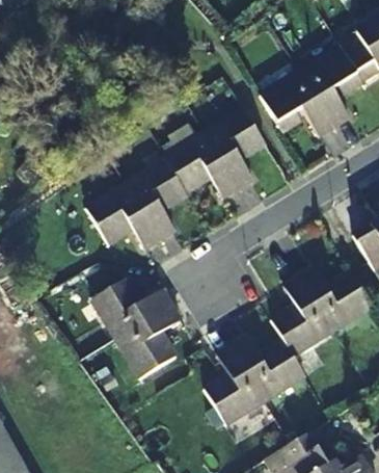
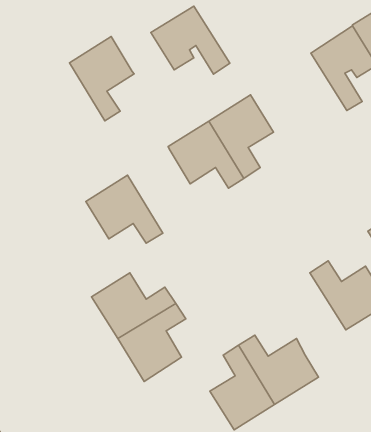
building: [259,72,333,136] -> [151,6,230,74]
building: [126,162,187,242] -> [70,36,134,121]
building: [273,280,332,358] -> none

